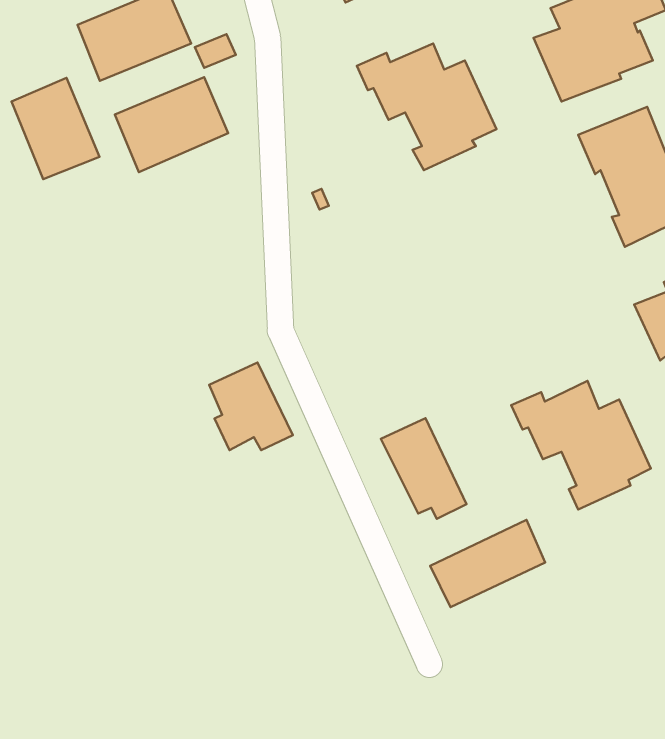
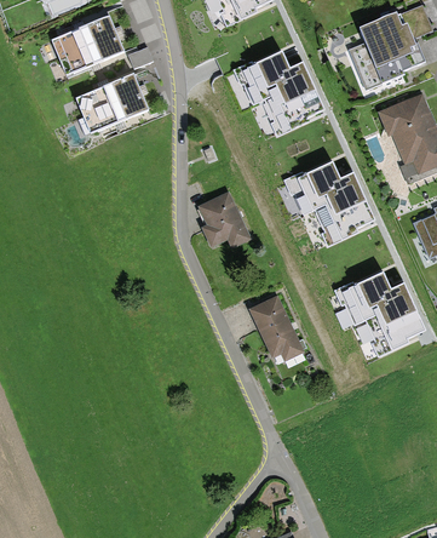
building: [11,78,99,179] -> none
building: none -> [283,161,373,244]
building: [209,363,293,450] -> [197,190,252,247]
building: [430,520,545,607] -> none

